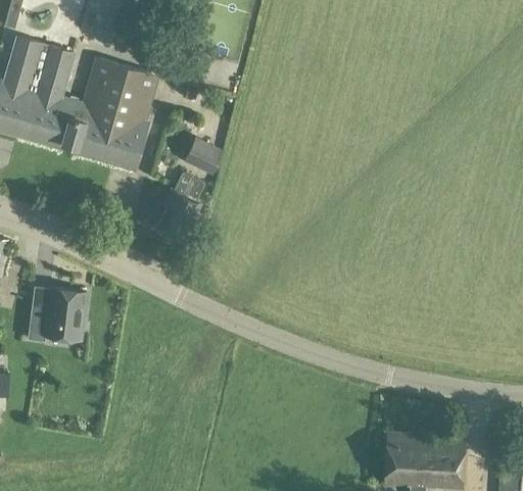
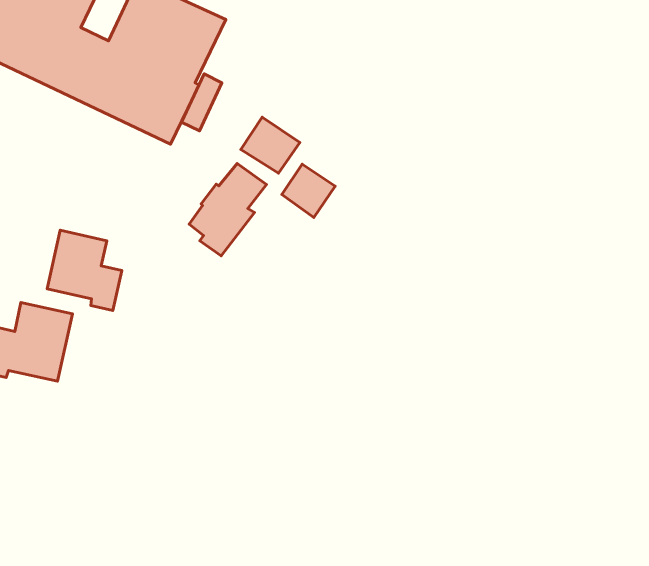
building: none -> [282,164,335,218]
building: none -> [47,230,122,310]

